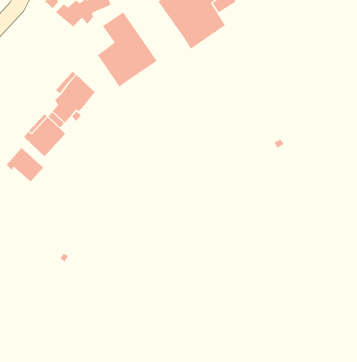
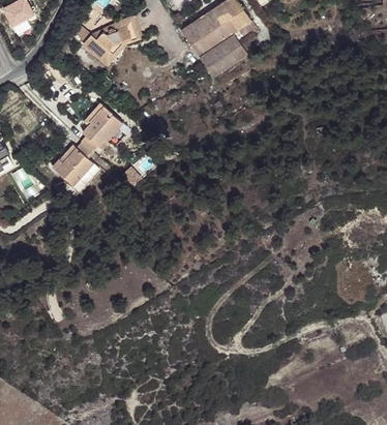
building: [97,11,158,87] -> none
building: [6,147,44,183] -> none

